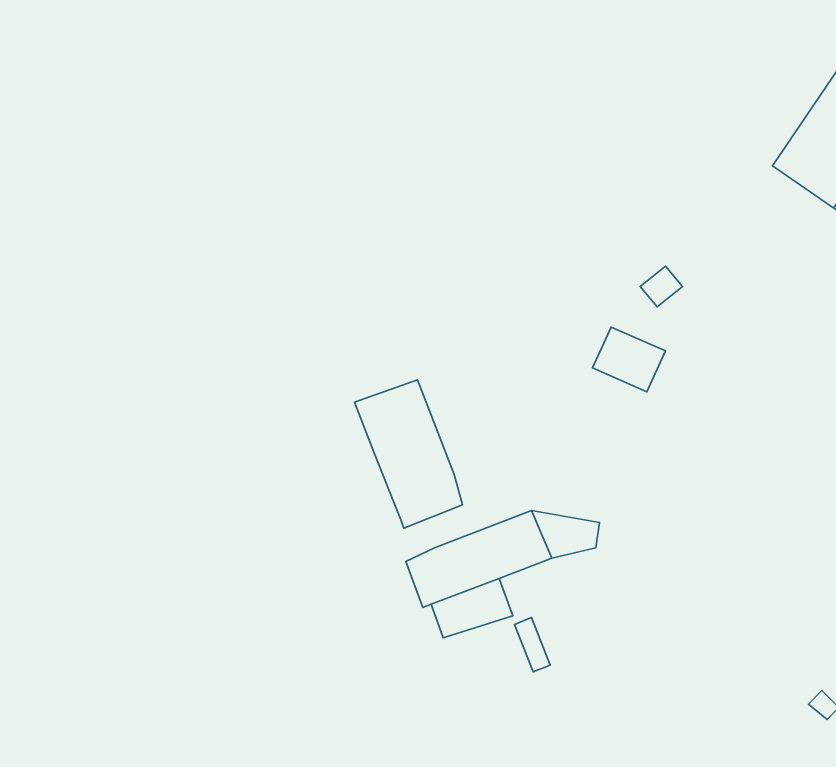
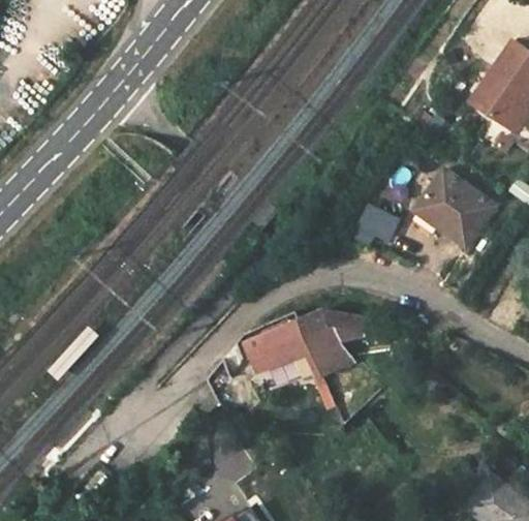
building: none -> [414,170,493,246]
building: [354,380,463,528] -> none
building: none -> [304,340,350,377]

